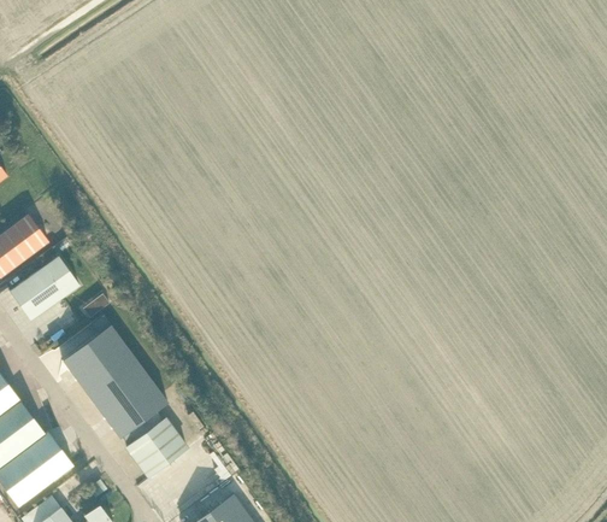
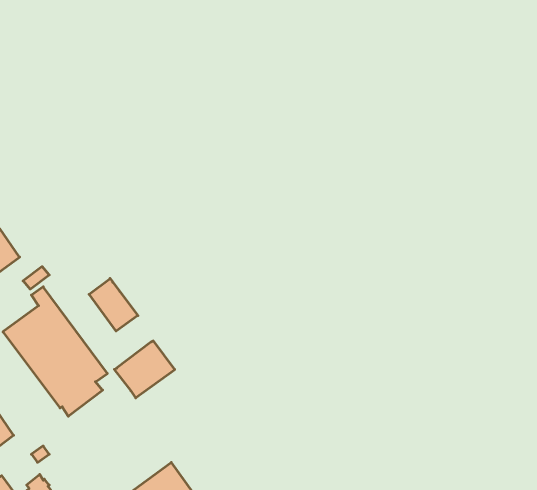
building: none -> [89,278,138,331]
building: [125,418,187,476] -> [114,341,175,398]

